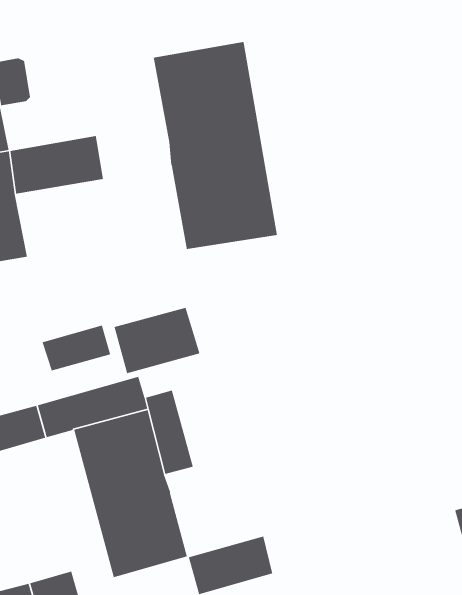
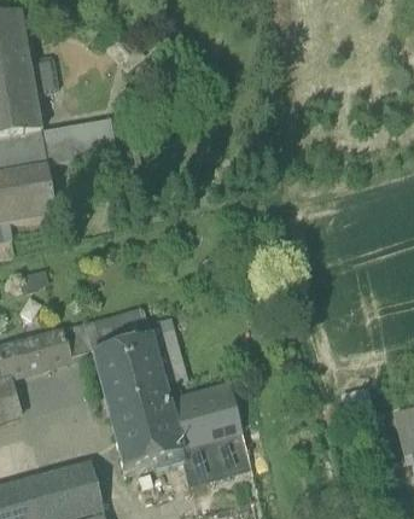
building: [153,41,278,250] -> none
building: [113,307,200,374] -> none
building: [41,325,111,372] -> none
building: none -> [169,384,243,453]

